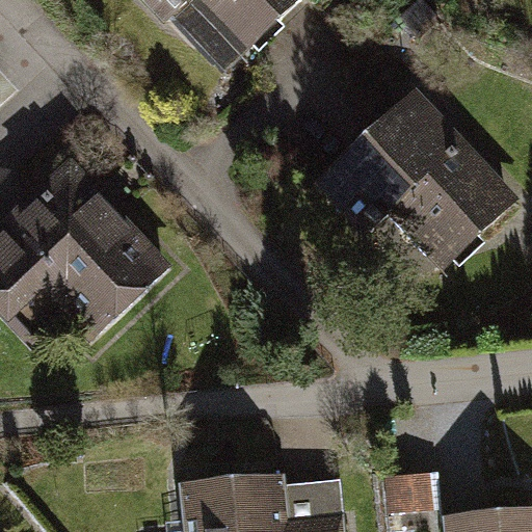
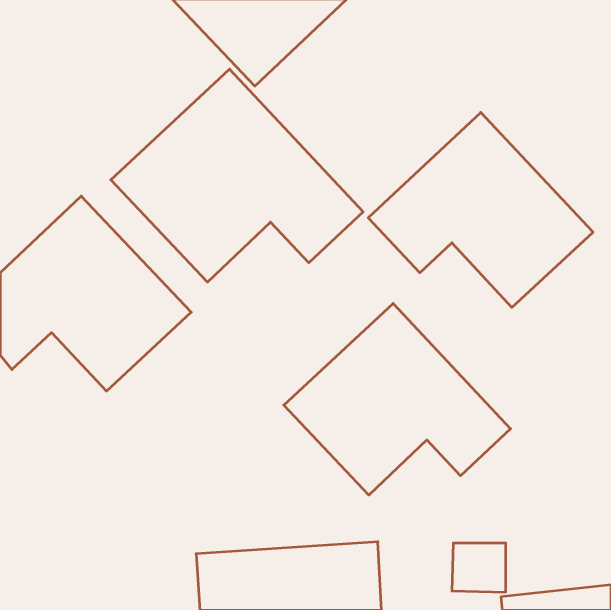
building: none -> [111,69,363,282]
building: none -> [284,303,511,495]

